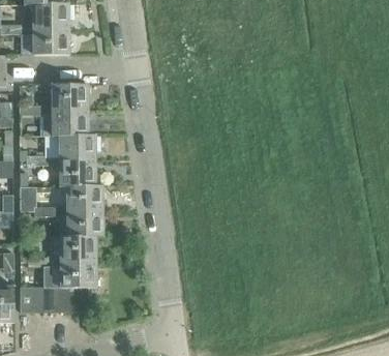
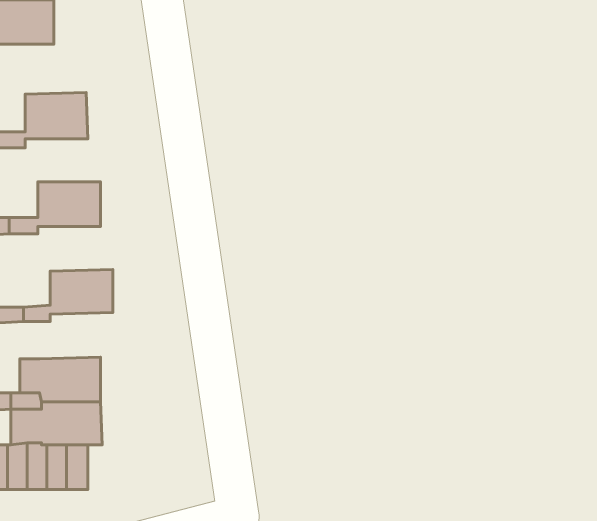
building: [42,109,95,135] -> none
building: [59,159,102,185] -> none
building: [60,209,103,236] -> none

